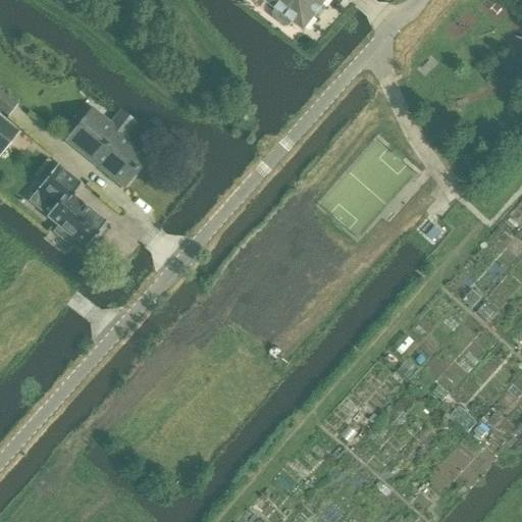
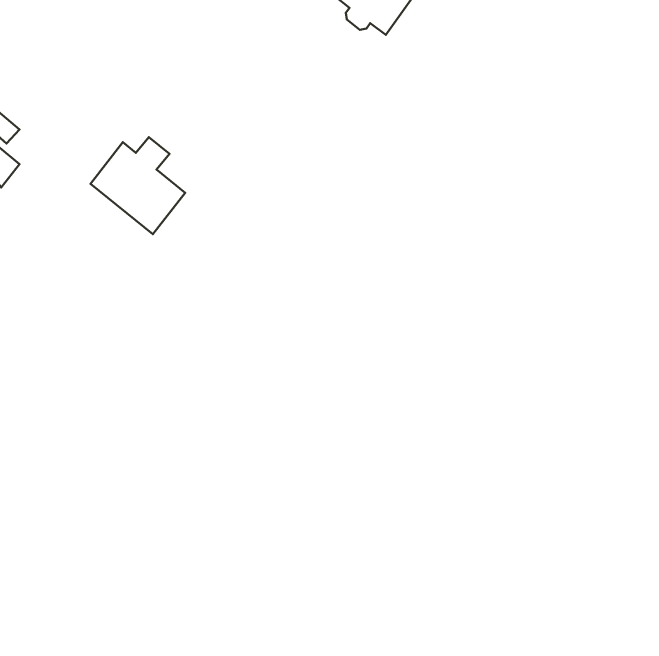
building: [37,161,103,245] -> none

